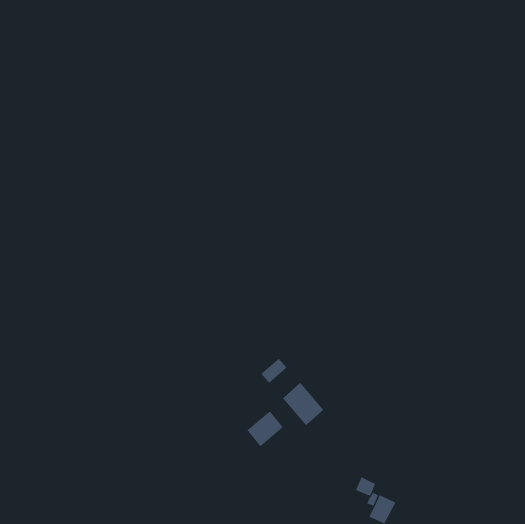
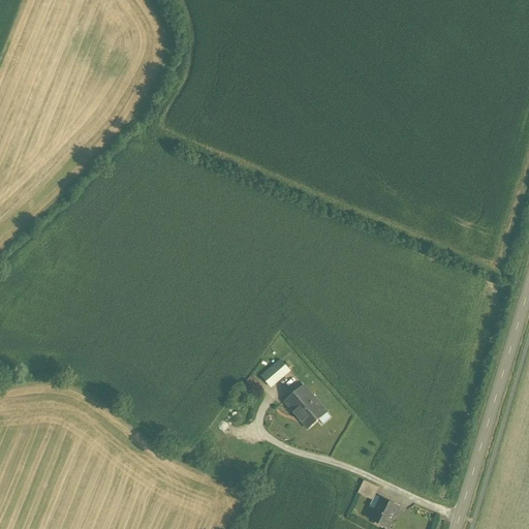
building: [247,410,284,447] -> none

